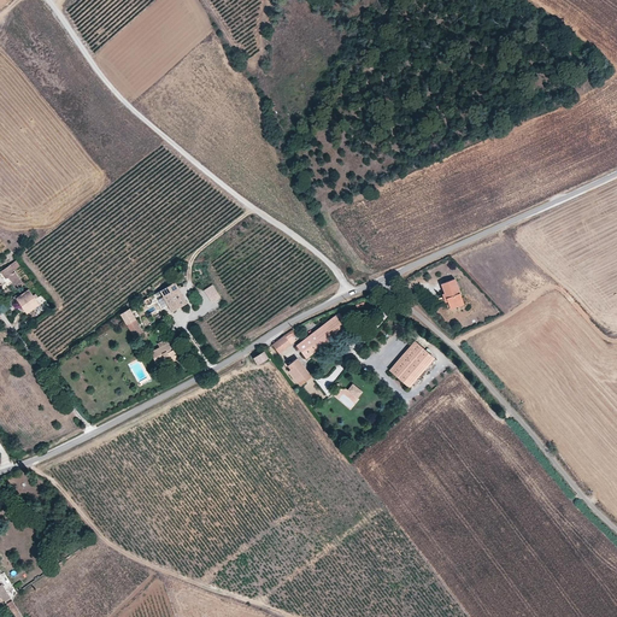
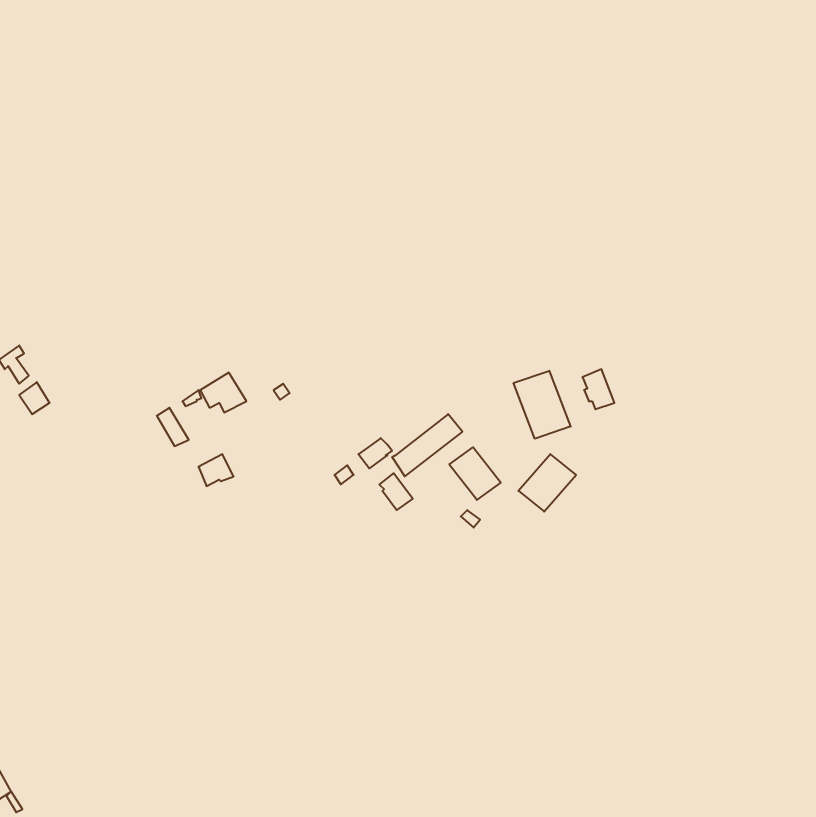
building: none -> [514,371,571,439]
building: none -> [449,447,501,500]

